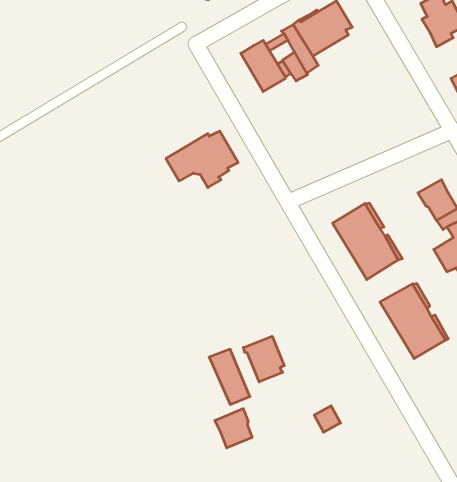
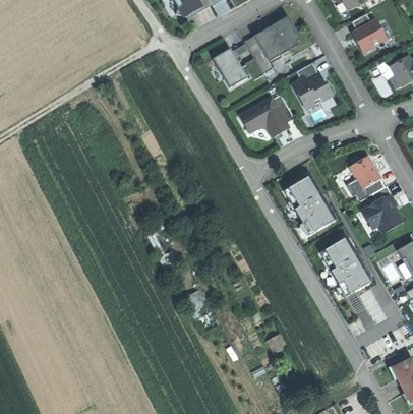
building: none -> [291,62,332,108]
building: [166,131,238,188] -> [238,94,294,137]
building: [243,336,284,382] -> none
building: [215,409,252,448] -> none

